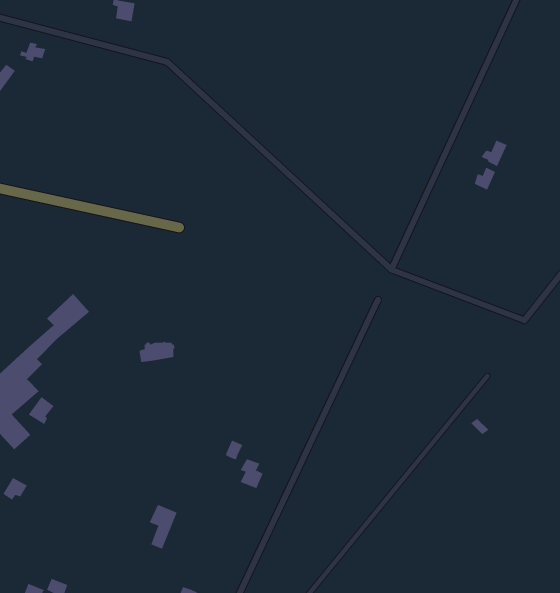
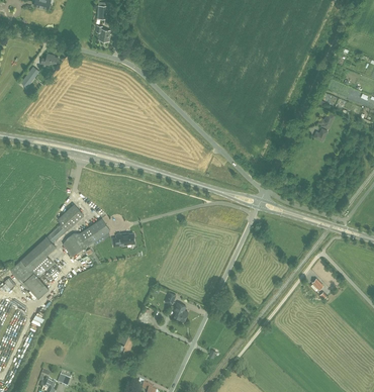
building: none -> [63,218,110,257]

